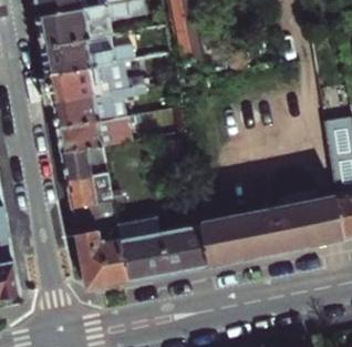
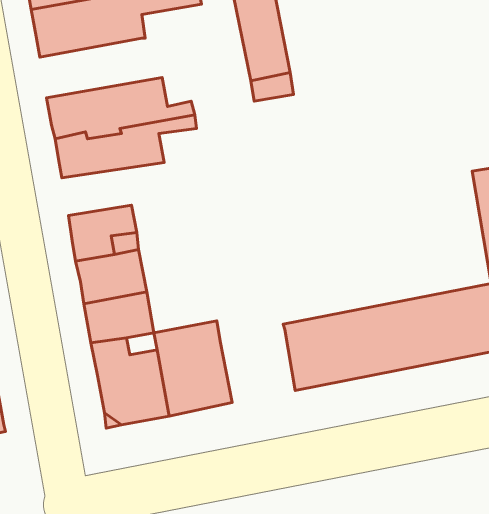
building: [43,35,135,74] -> none
building: [58,114,141,151] -> none
building: [161,225,209,273] -> none

